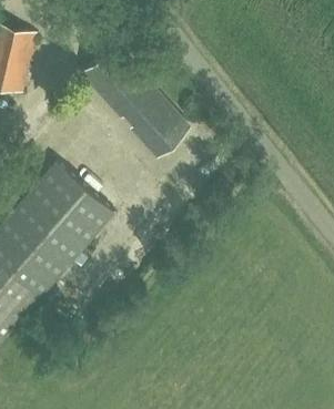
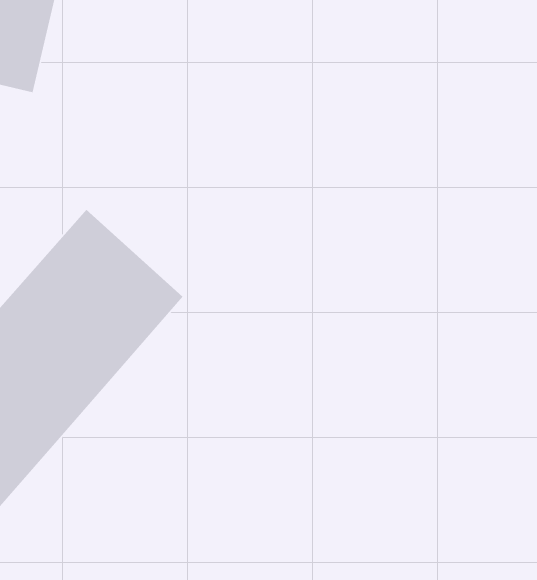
building: [81,49,188,159] -> none

